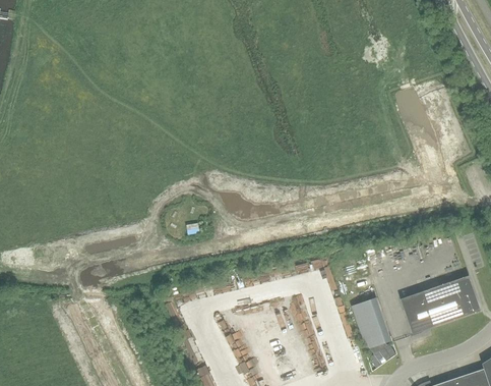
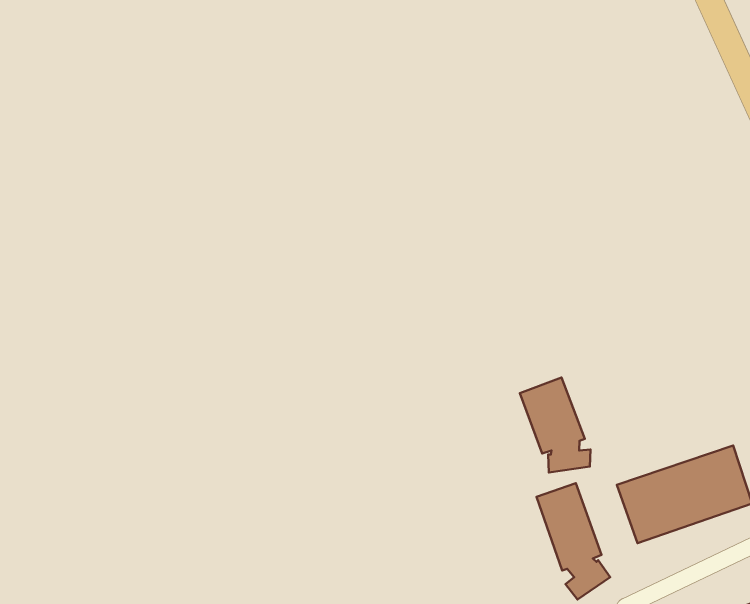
building: none -> [520,378,590,473]

